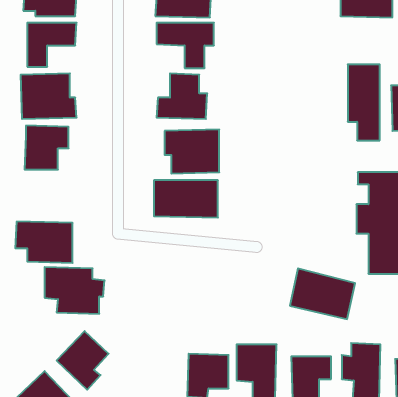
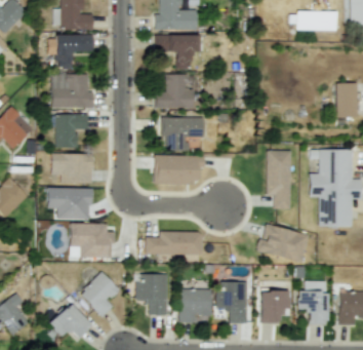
building: [348,64,380,140] -> [267,150,291,208]
building: none -> [51,153,92,183]
building: none -> [146,231,202,255]
building: none -> [135,273,167,314]

